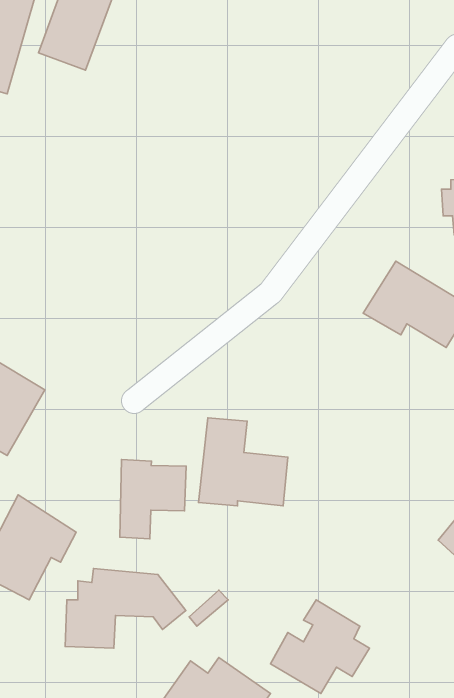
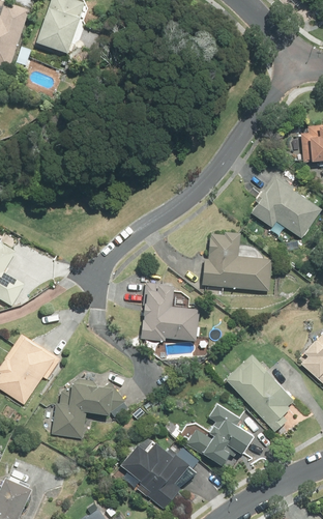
building: none -> [202,230,272,290]
building: [120,460,186,539] -> none
building: none -> [225,353,295,433]

